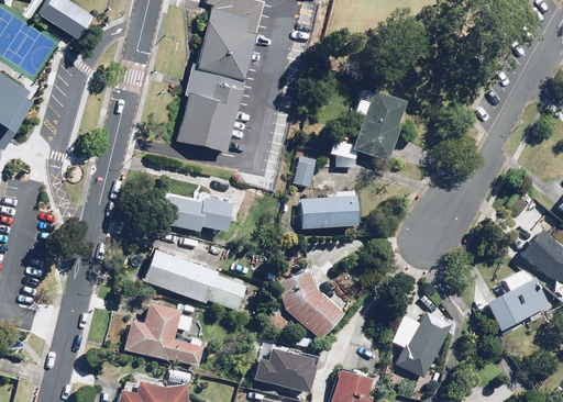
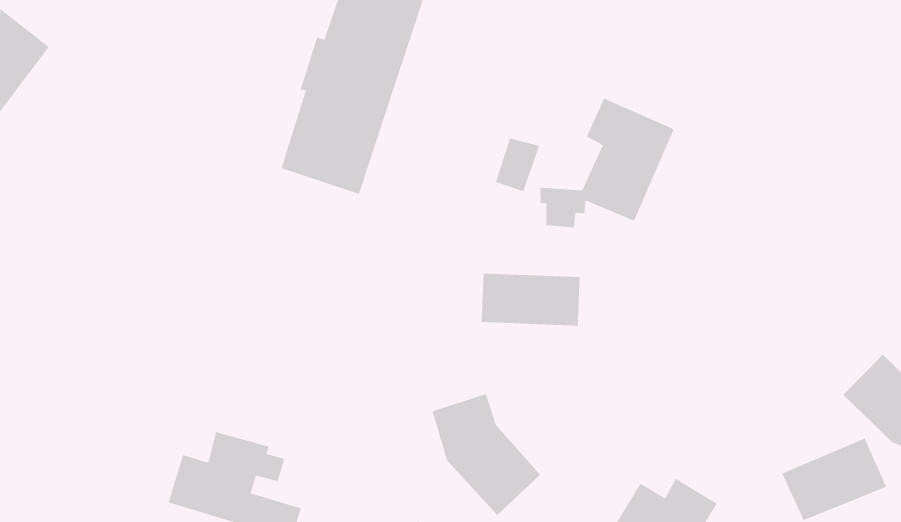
building: [292,155,318,187] -> [495,138,540,192]
building: [163,192,235,232] -> none
building: [145,244,247,312] -> none

